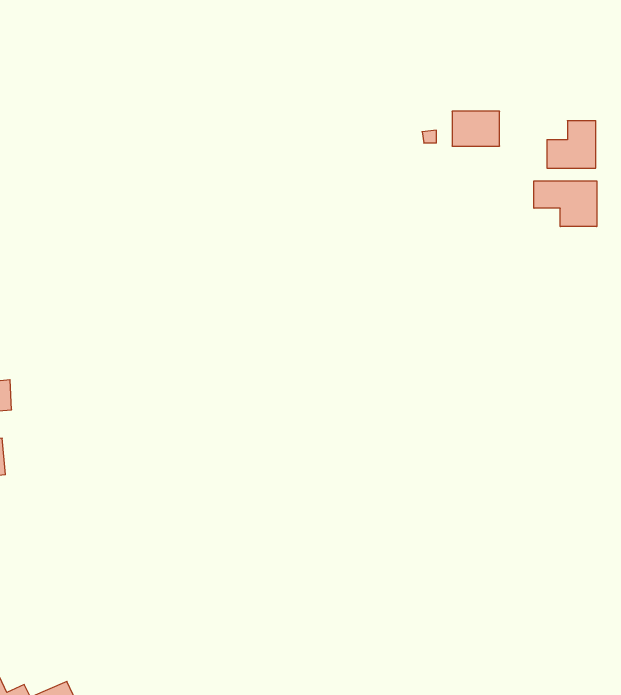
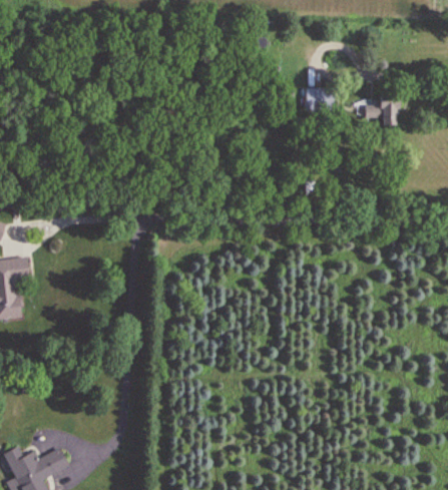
building: [534,181,597,227] -> none

